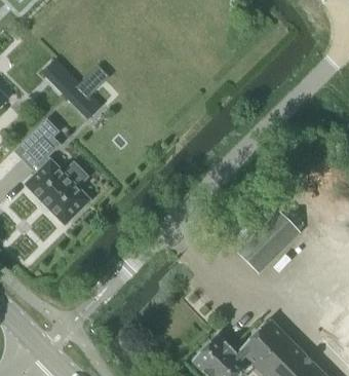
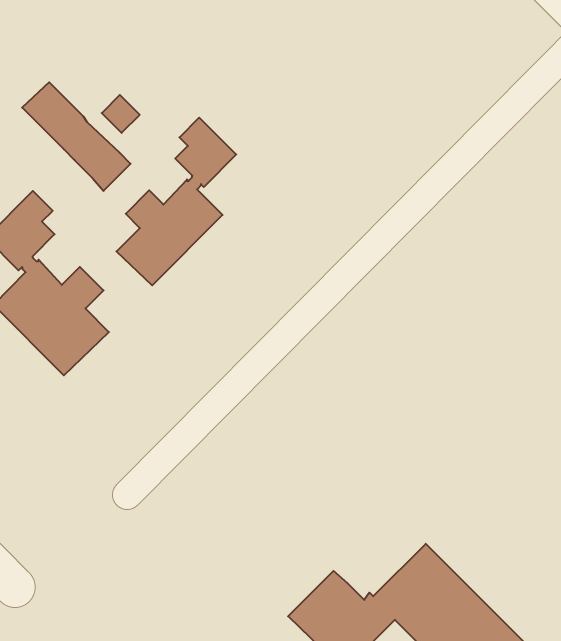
building: none -> [116,118,236,285]
building: [240,212,299,271] -> none

